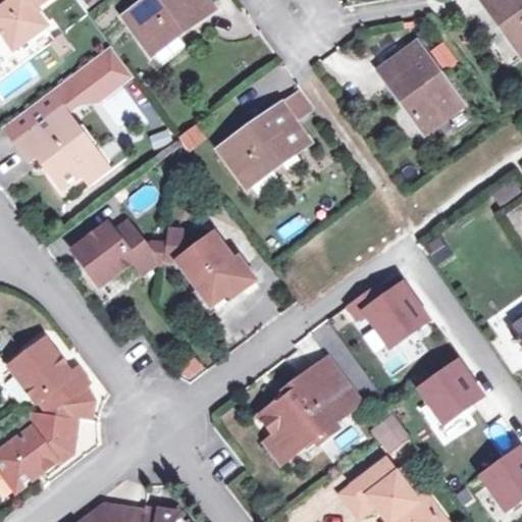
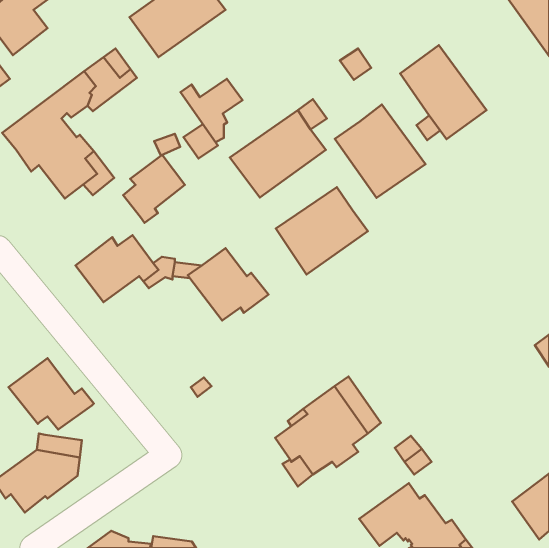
building: none -> [180,79,243,142]
building: none -> [335,105,426,198]
building: none -> [123,155,185,223]
building: none -> [276,187,368,275]
building: [349,283,430,348] -> none
building: [424,361,486,423] -> none
building: [38,383,93,417] -> none

